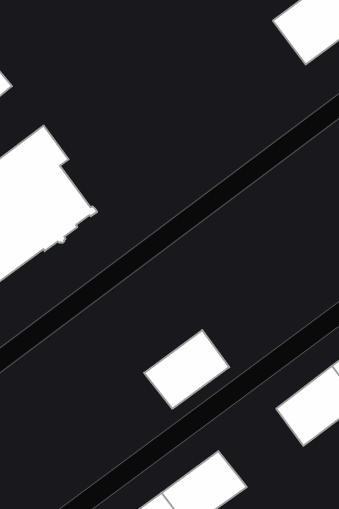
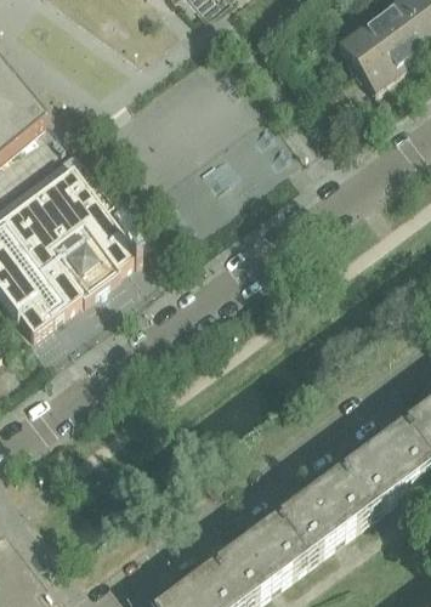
building: [144,330,229,409] -> [272,471,367,558]

